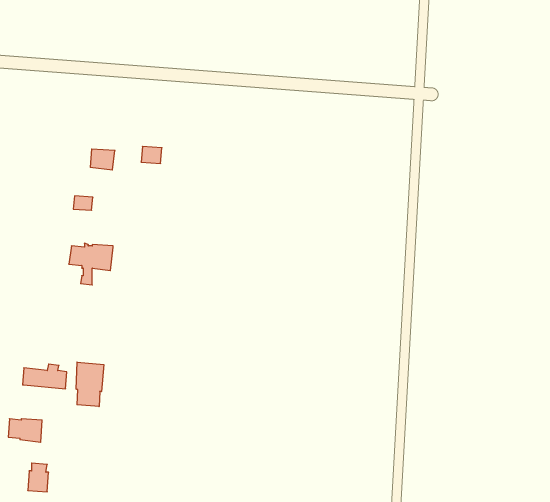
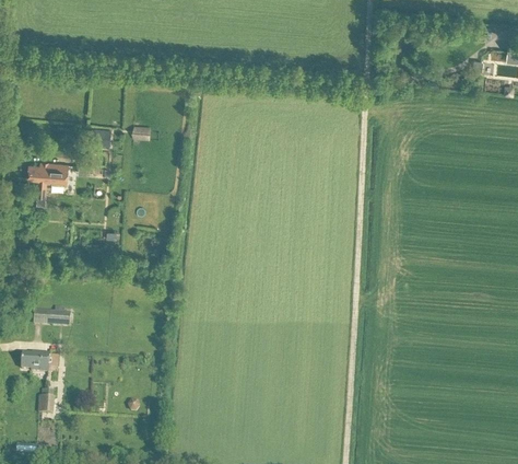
building: [69,243,113,285] -> [26,161,63,196]
building: [76,362,104,407] -> none

